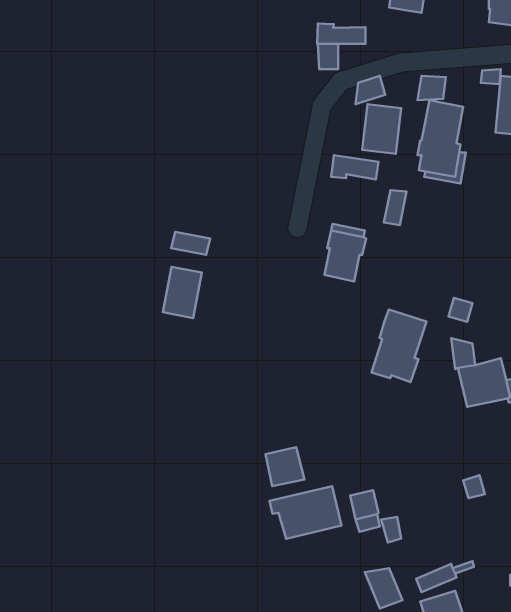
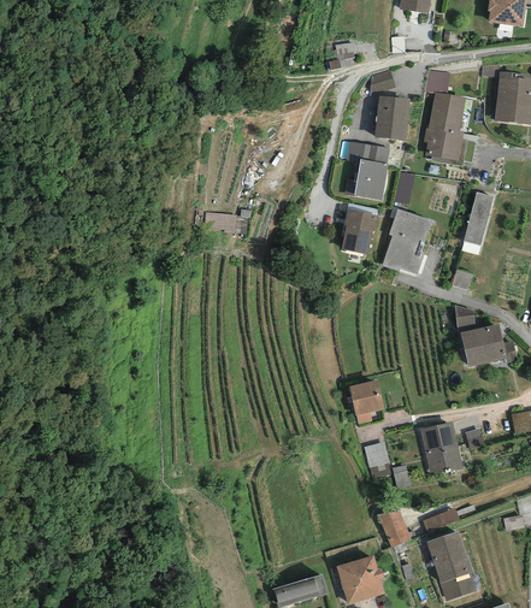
building: [317,23,366,44] -> none
building: none -> [354,158,388,200]
building: none -> [464,191,494,244]
building: [163,267,202,318] -> none
building: [371,309,427,382] -> [382,208,431,273]
building: [265,447,304,486] -> [349,379,384,414]
building: none -> [420,420,462,474]
building: [269,486,342,539] -> none

